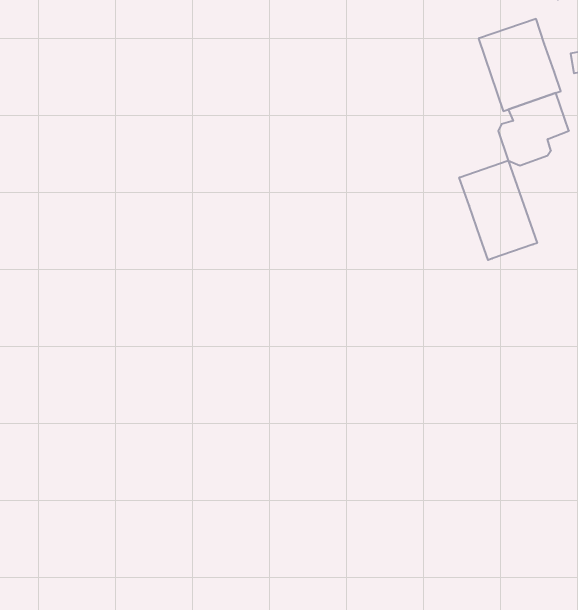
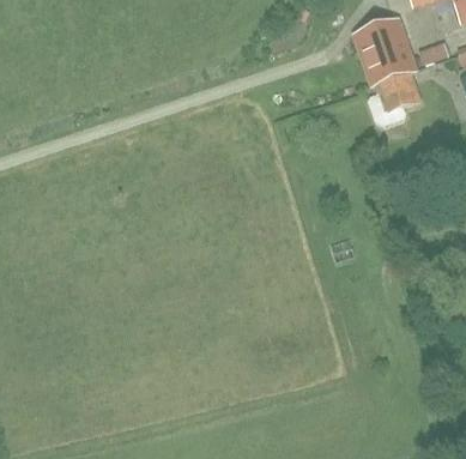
building: [459,160,537,260] -> none

